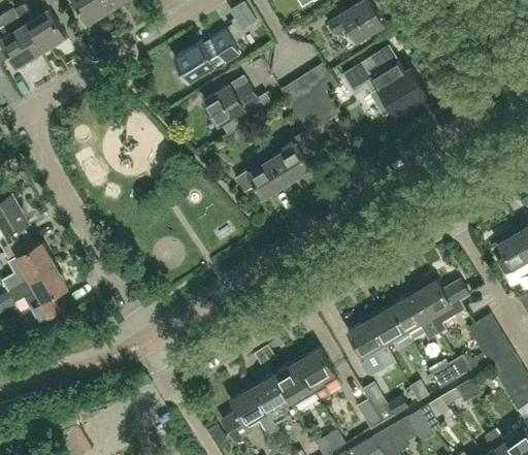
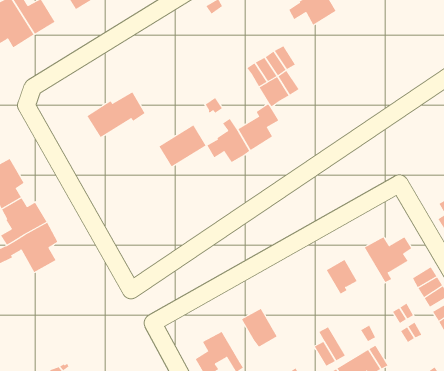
building: [172,29,239,82] -> [86,91,145,138]
building: [342,44,428,117] -> none
building: [203,76,258,125] -> [158,125,207,167]
building: [393,293,438,339] -> none
building: [349,319,396,368] -> none
building: [298,349,338,394] -> none
building: [254,375,297,423] -> none

